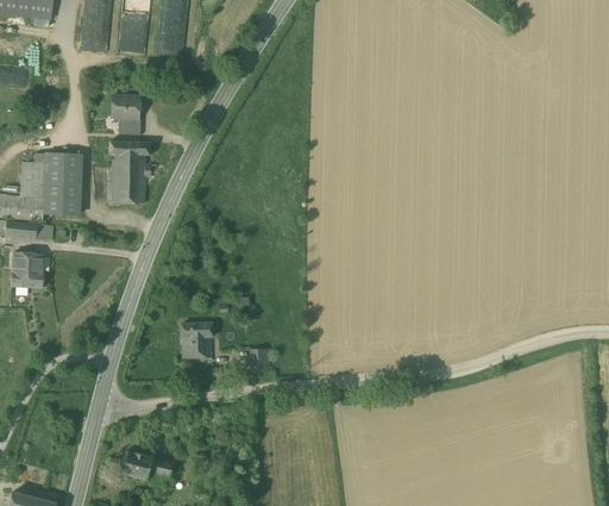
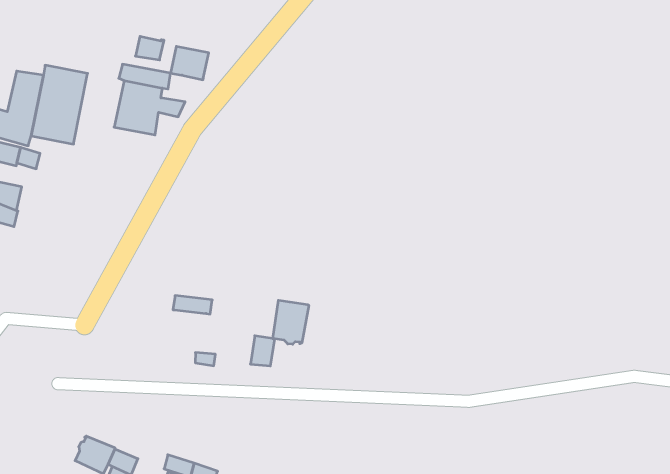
building: [109,95,138,119] -> [171,46,209,80]
building: none -> [273,300,309,344]
building: [182,336,208,358] -> none

